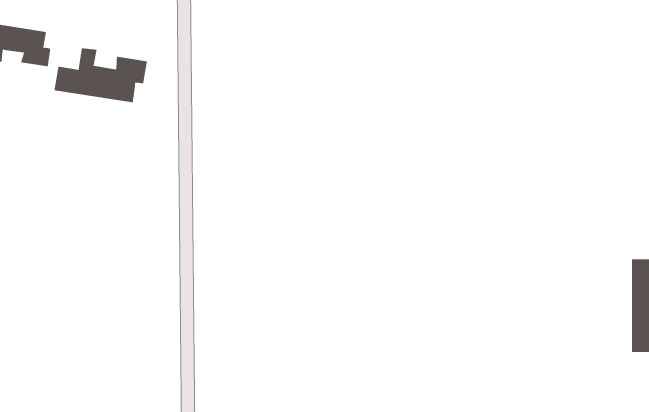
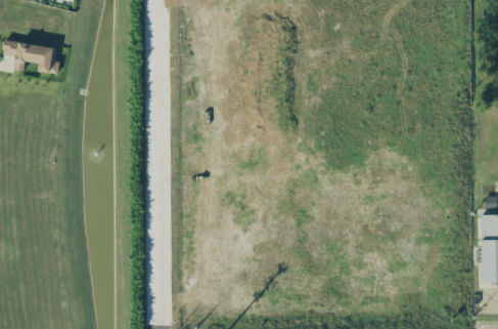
building: [54,48,147,103] -> none

